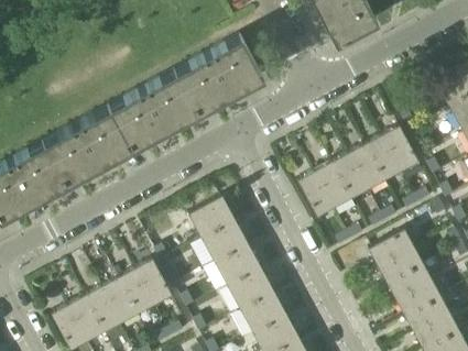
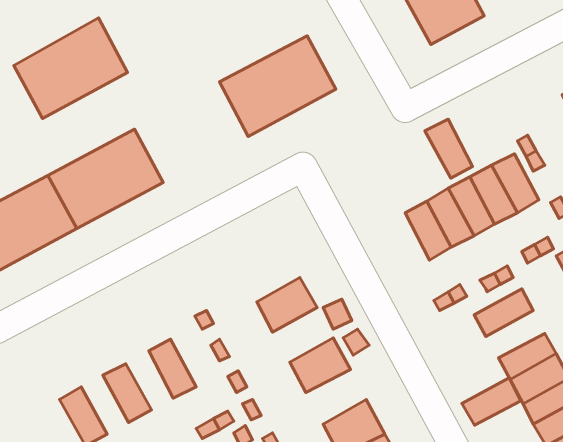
building: [109,73,196,150] -> [14,18,127,119]
building: [298,173,335,218] -> [425,119,472,178]
building: [189,198,236,241] -> none
building: [215,245,261,287] -> none
building: [378,248,423,284] -> [462,378,521,425]
building: [137,261,173,306] -> none
building: [102,278,139,323] -> none
building: [240,293,286,334] -> none
building: [68,297,105,342] -> none

